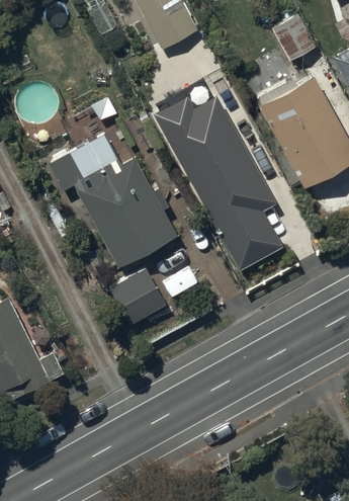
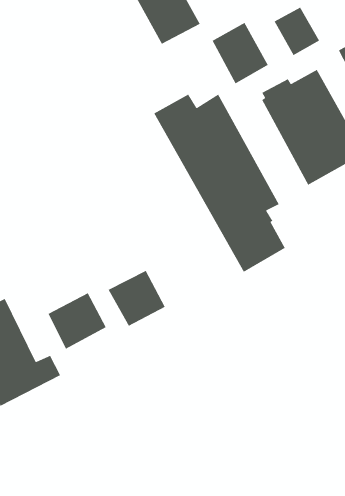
building: none -> [211,22,269,85]
building: [49,135,177,266] -> none
building: none -> [48,292,107,350]

